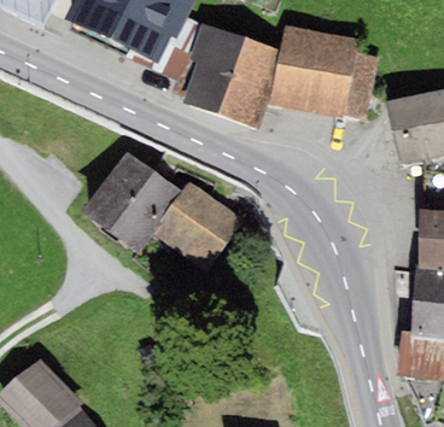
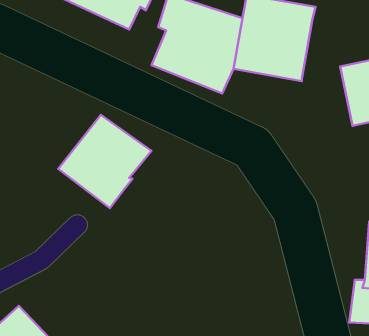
building: [344,52,379,118] -> none
building: [153,182,245,271] -> none

